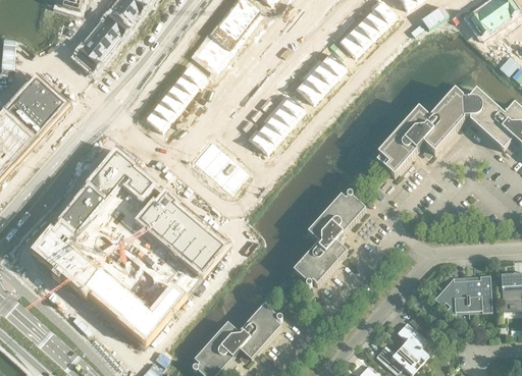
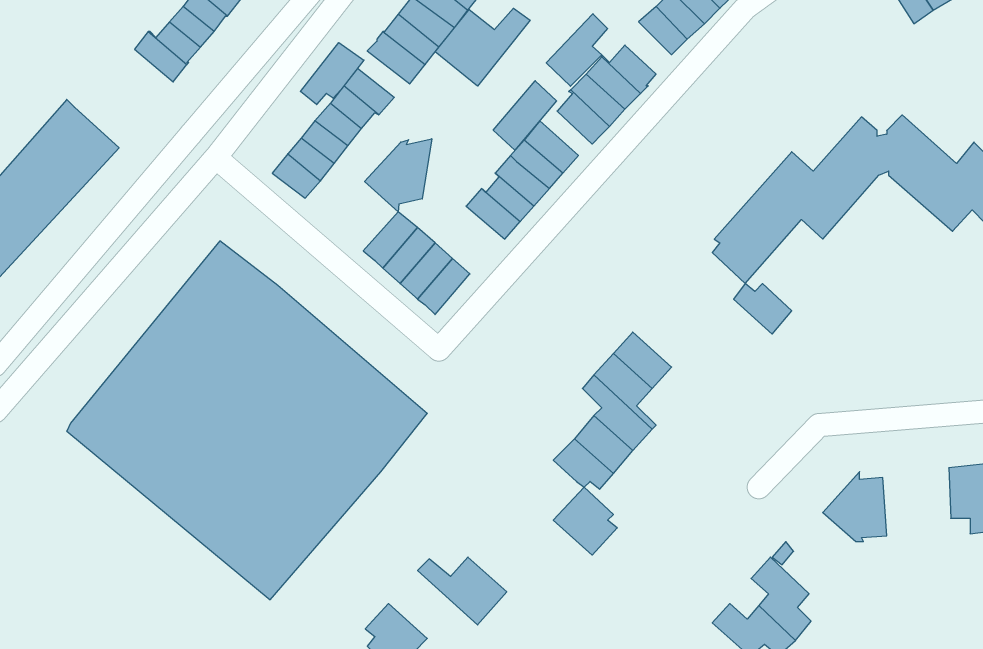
building: none -> [435,8,530,86]
building: none -> [546,14,608,86]
building: none -> [300,43,364,105]
building: none -> [493,81,557,150]
building: none -> [365,139,432,212]
building: [334,194,365,220] -> [734,284,792,334]
building: [466,273,492,311] -> none
building: [248,303,281,338] -> [553,487,617,555]
building: [206,327,253,363] -> none

